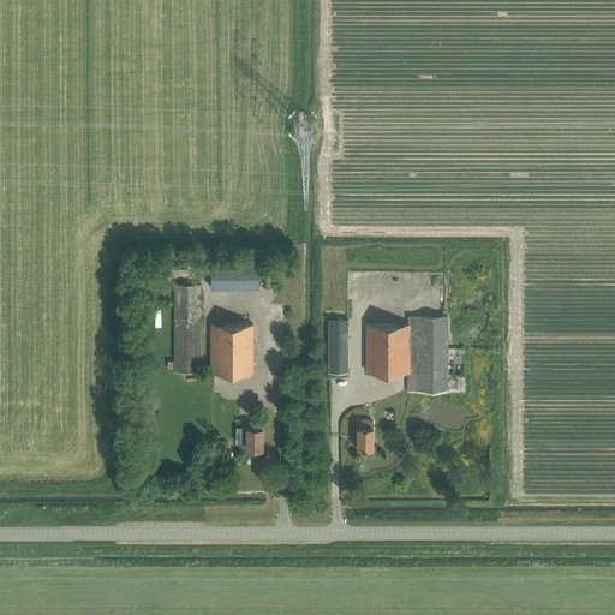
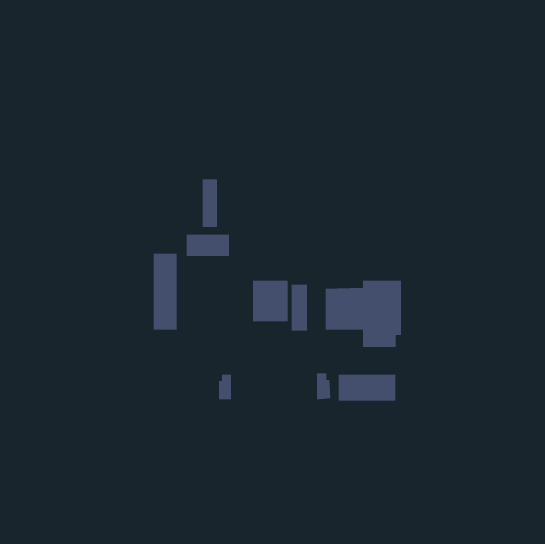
building: none -> [202,178,218,228]
building: [210,327,251,374] -> [252,280,289,322]
building: none -> [338,374,396,402]

